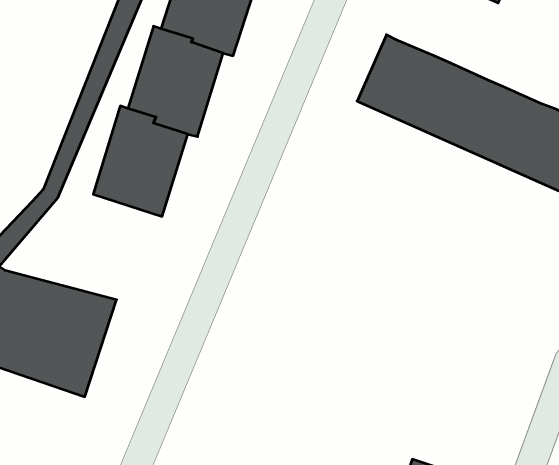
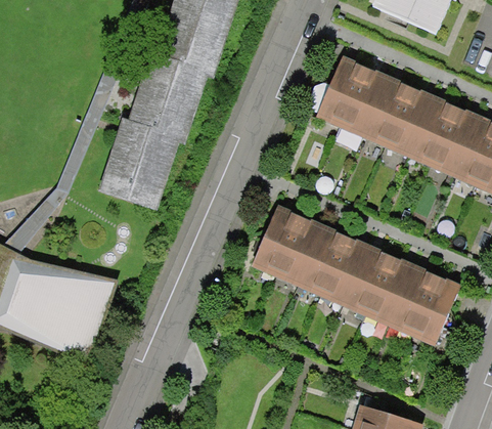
building: none -> [255,210,457,337]

